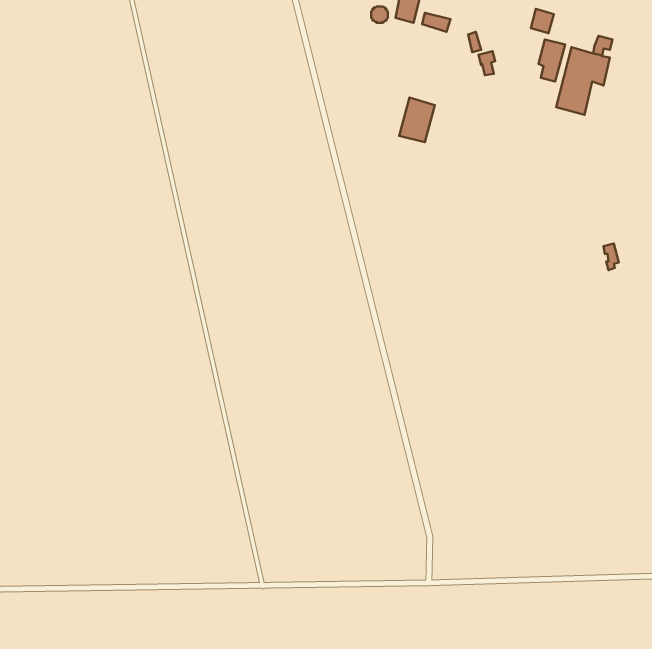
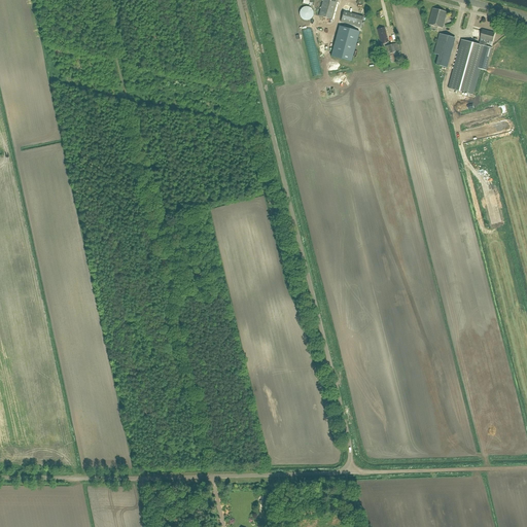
building: [399,98,435,142] -> [330,24,359,60]

